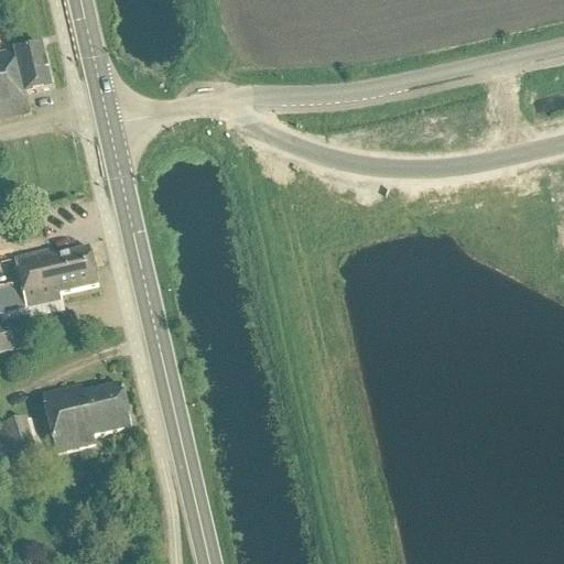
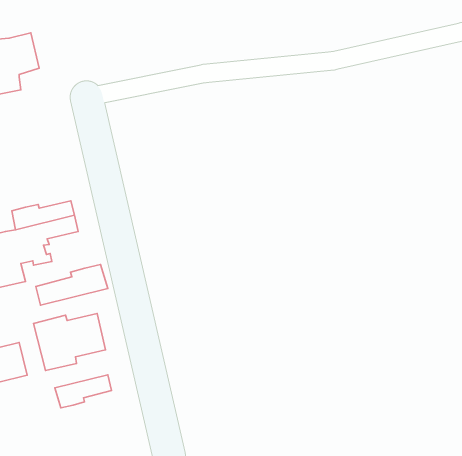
building: none -> [36,265,108,305]
building: none -> [55,375,112,408]

